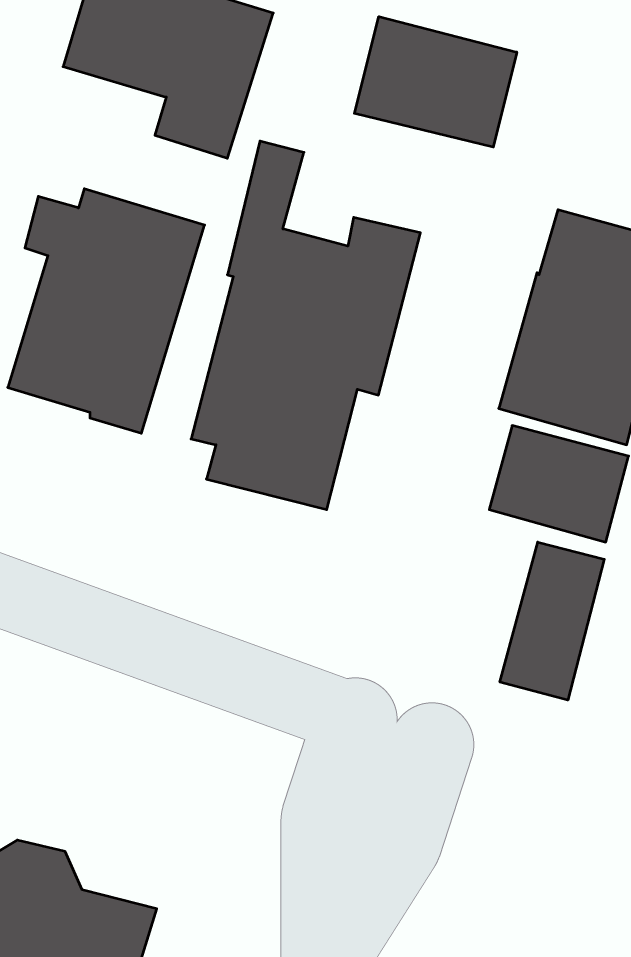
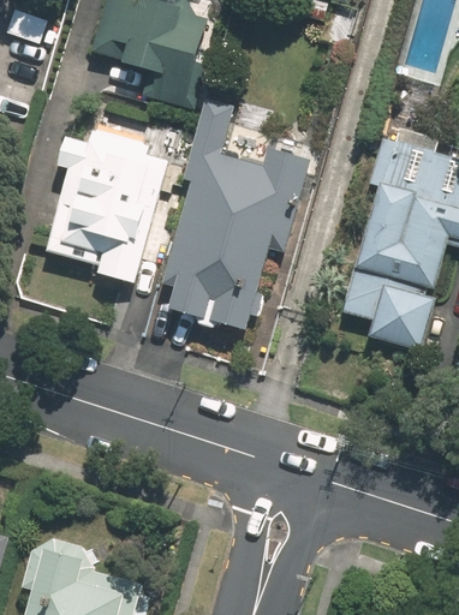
building: [354,17,517,147] -> none
building: [500,542,604,700] -> none

